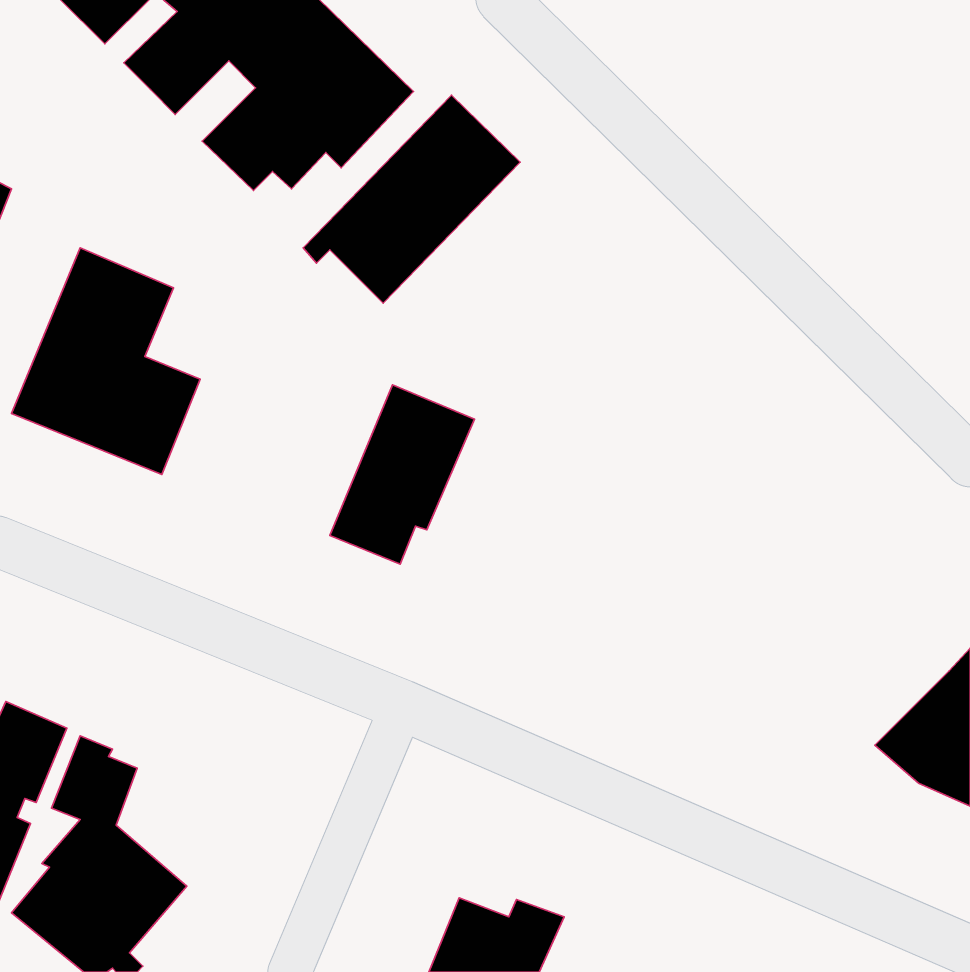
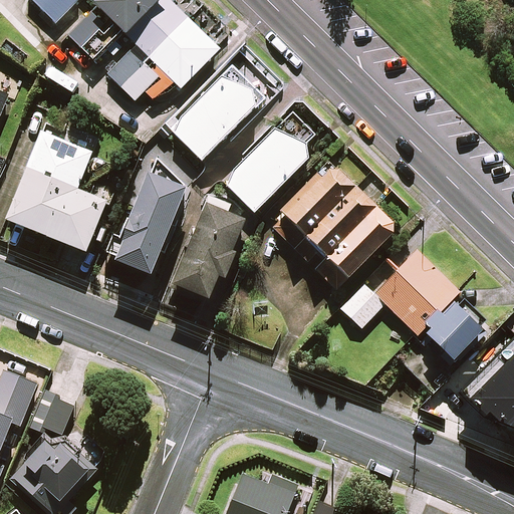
building: none -> [226,111,315,211]
building: none -> [271,164,393,291]
building: none -> [116,173,186,272]
building: none -> [340,250,490,358]

